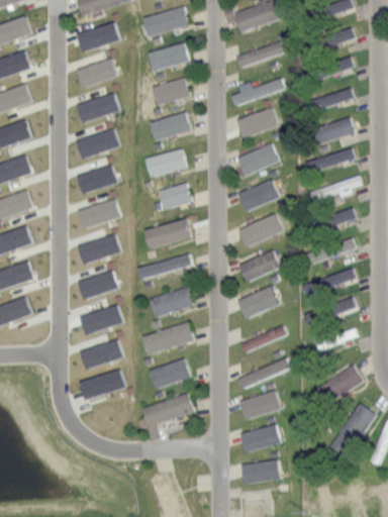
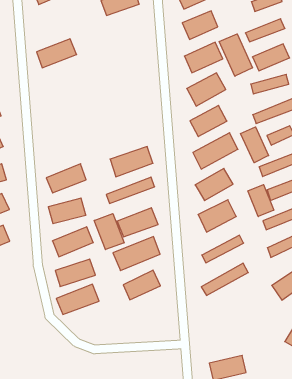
building: [73,60,113,86] -> none
building: [153,78,191,105] -> none
building: none -> [219,34,252,76]
building: [151,112,192,141] -> none
building: [72,128,117,159] -> none
building: [148,149,188,177] -> none
building: [73,165,114,194] -> none
building: [161,183,193,209] -> none
building: [74,200,117,227] -> none
building: none -> [240,127,269,163]
building: none -> [248,185,274,217]
building: none -> [94,214,124,250]
building: [239,389,284,420] -> none
building: [144,391,197,427] -> none
building: [240,424,282,453] -> none

